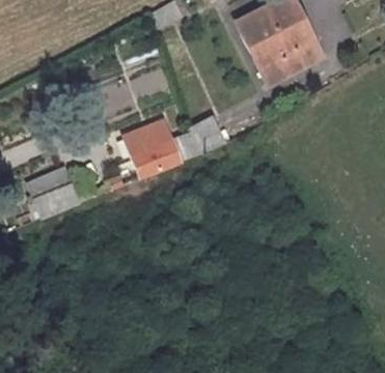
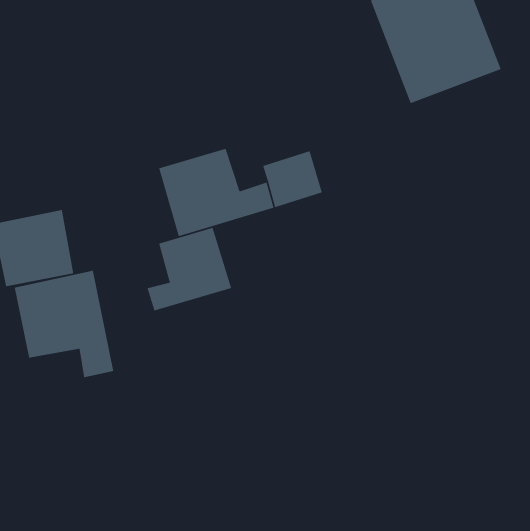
building: none -> [146,227,232,312]
building: none -> [14,270,114,378]

